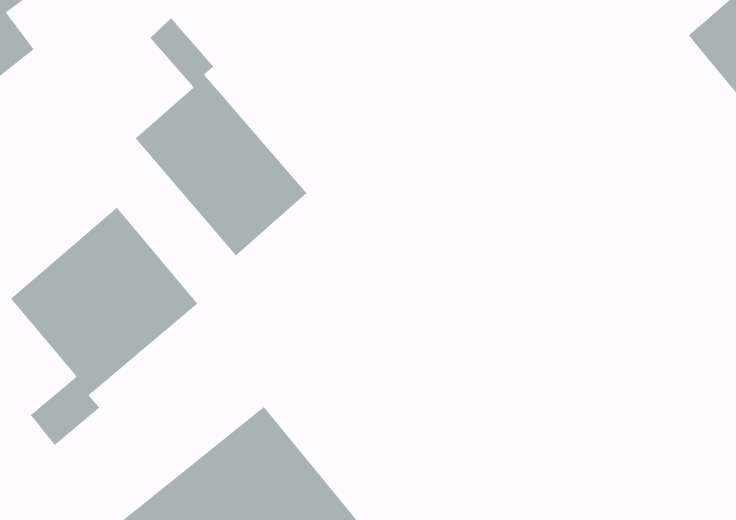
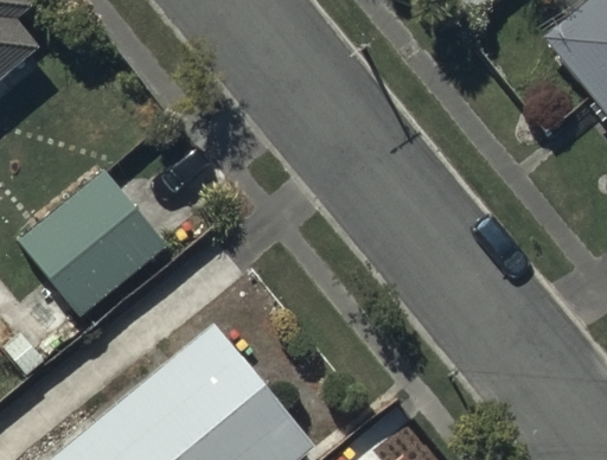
building: [135,17,307,256] -> none

